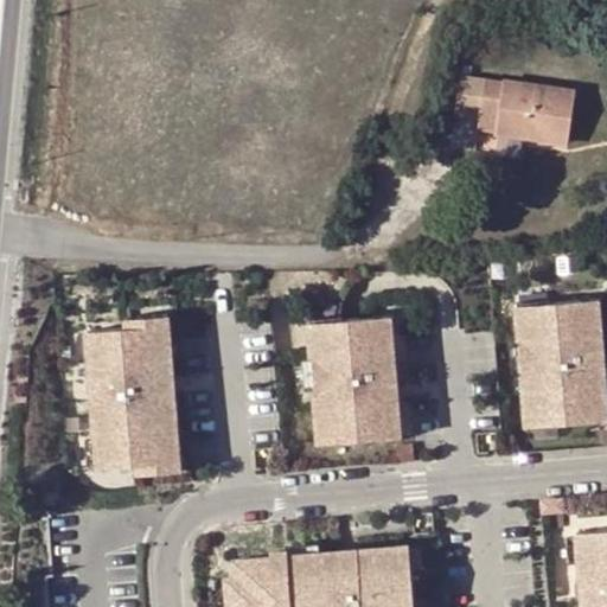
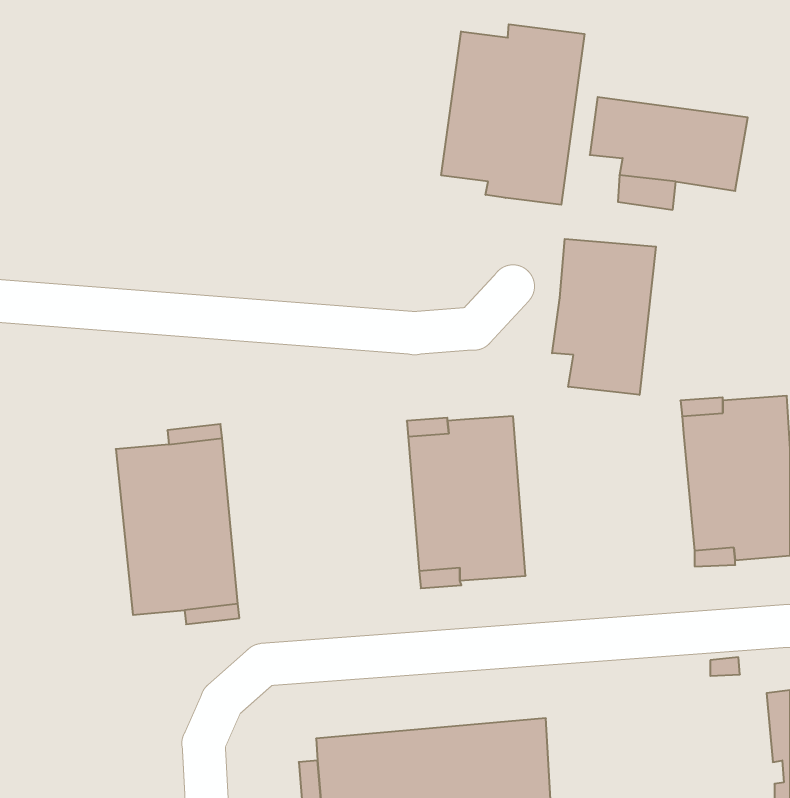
building: none -> [441,24,584,205]
building: none -> [552,239,656,395]

